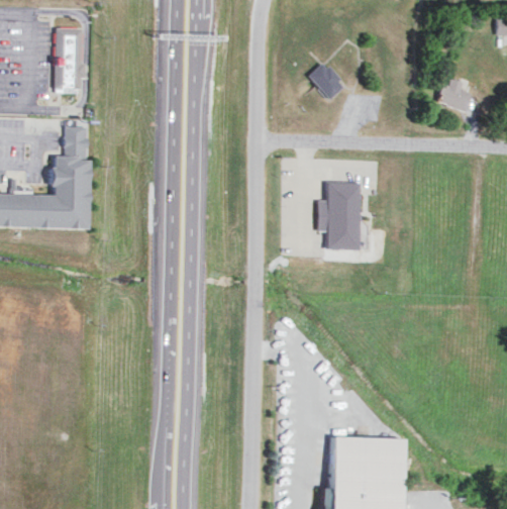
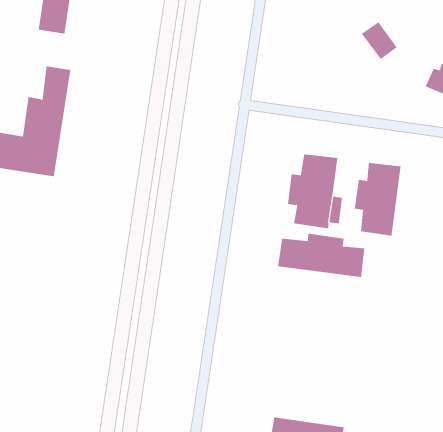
building: [310,60,347,97] -> [361,21,397,60]
building: none -> [354,162,401,236]
building: none -> [277,233,365,278]

